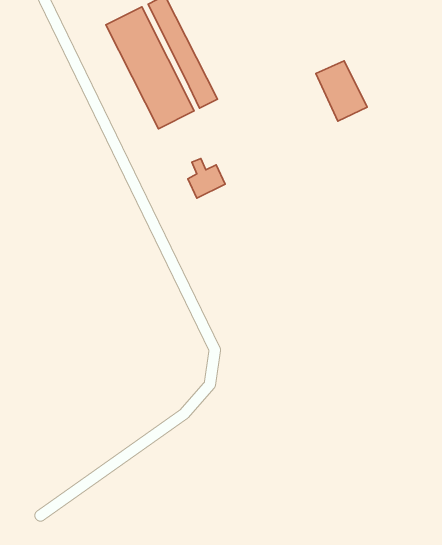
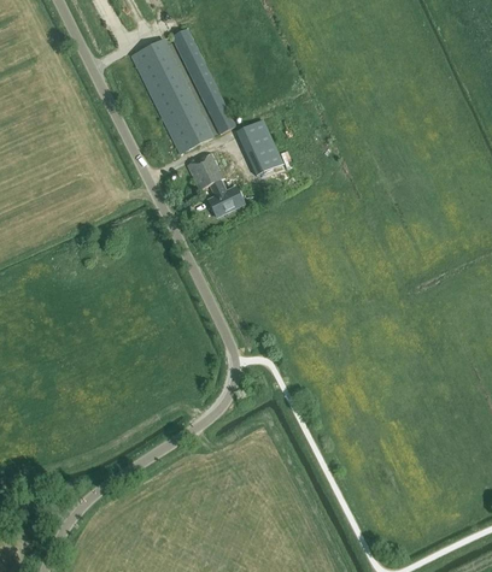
building: [316,61,367,121] -> [236,119,285,176]
building: none -> [186,153,223,191]

